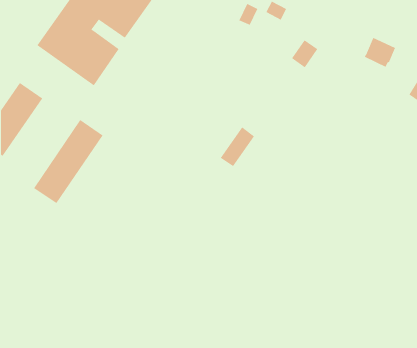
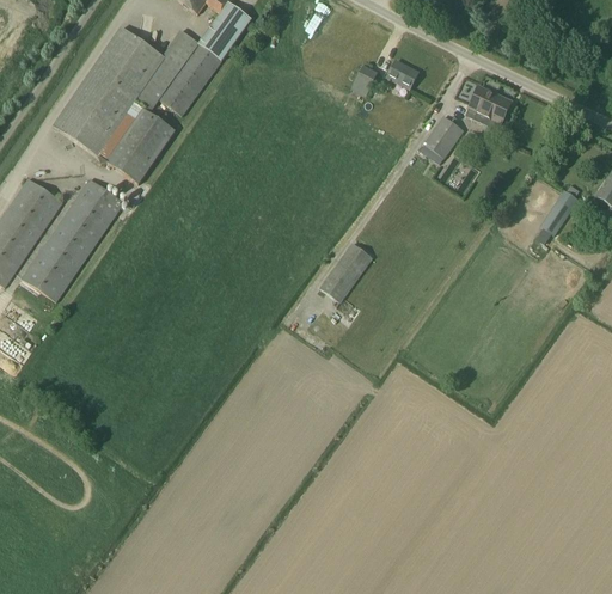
building: [364,37,396,67] -> [465,85,512,129]
building: none -> [540,200,571,234]
building: [33,119,104,204] -> [22,177,124,300]

